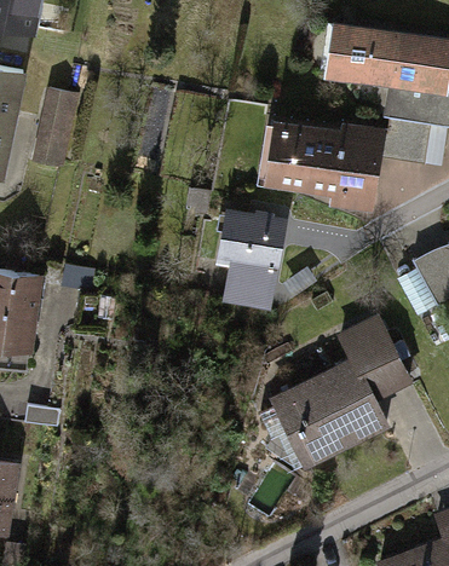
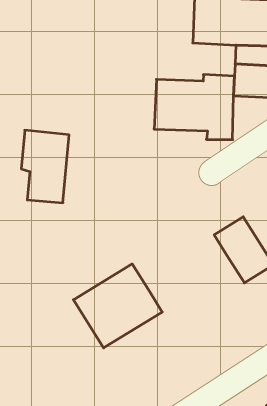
building: [221,212,288,311] -> [21,130,69,203]
building: [266,362,380,467] -> [73,264,162,348]

